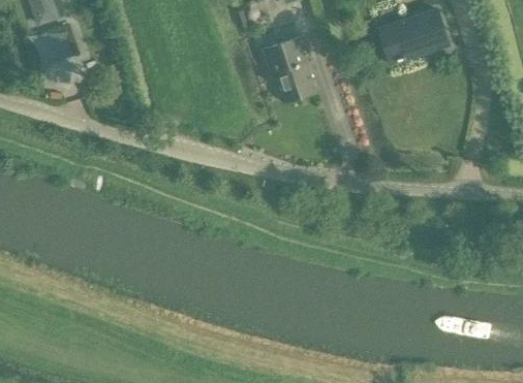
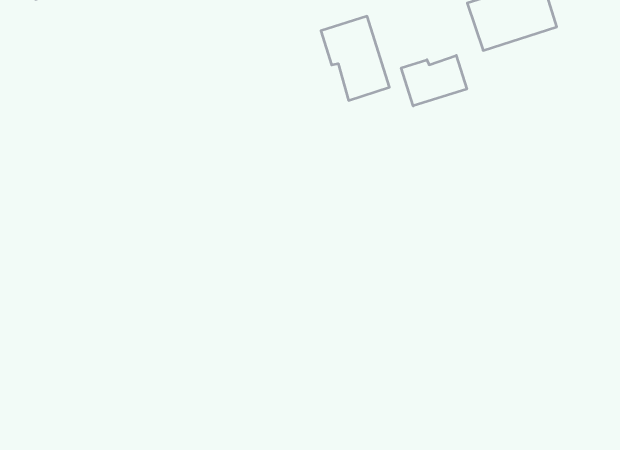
building: none -> [401,55,467,106]

